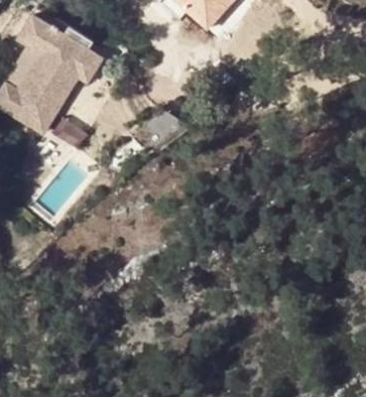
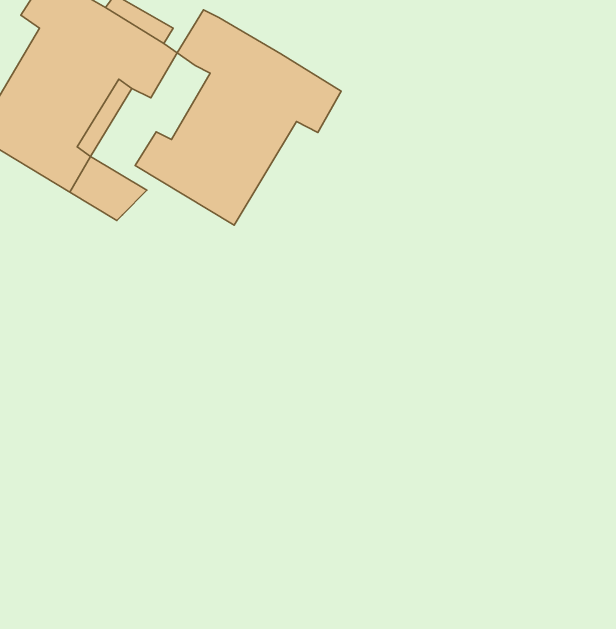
building: none -> [135,10,341,225]

